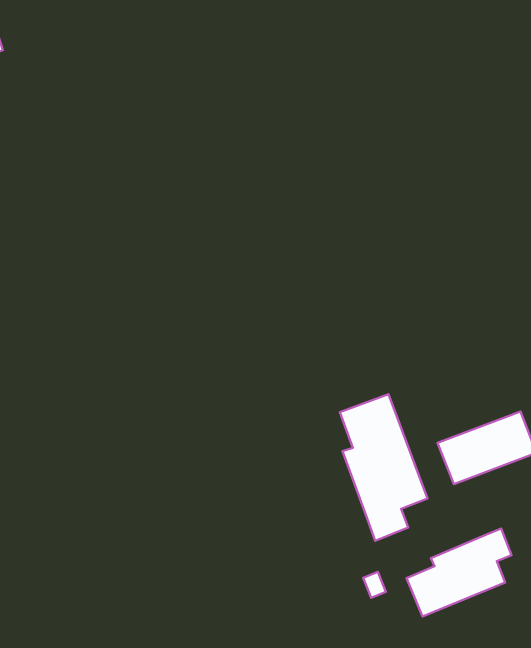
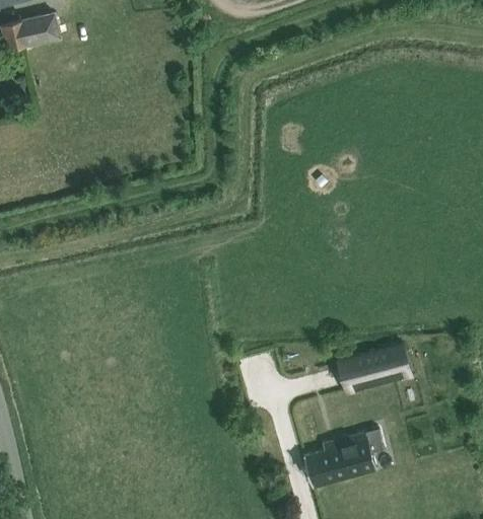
building: [340,394,428,541] -> none

